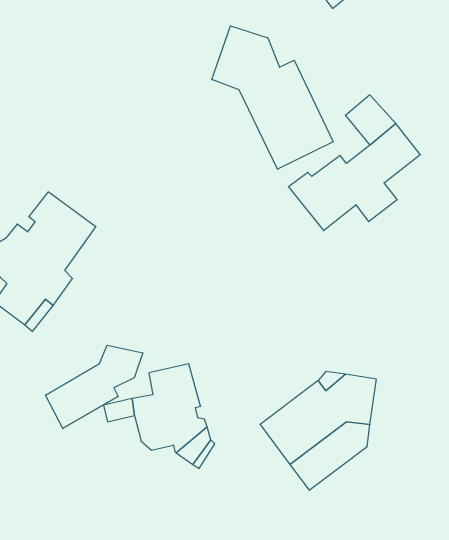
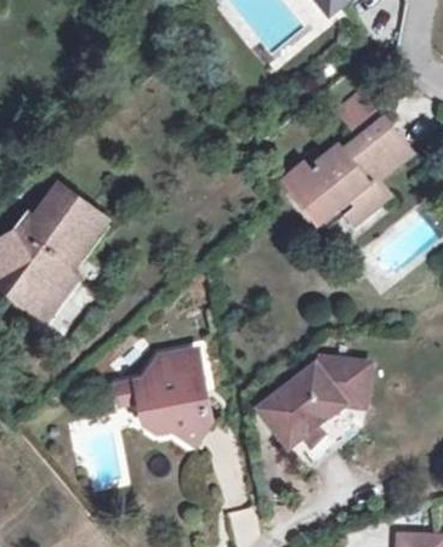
building: [212,26,333,169] -> none
building: [45,345,143,429] -> none

